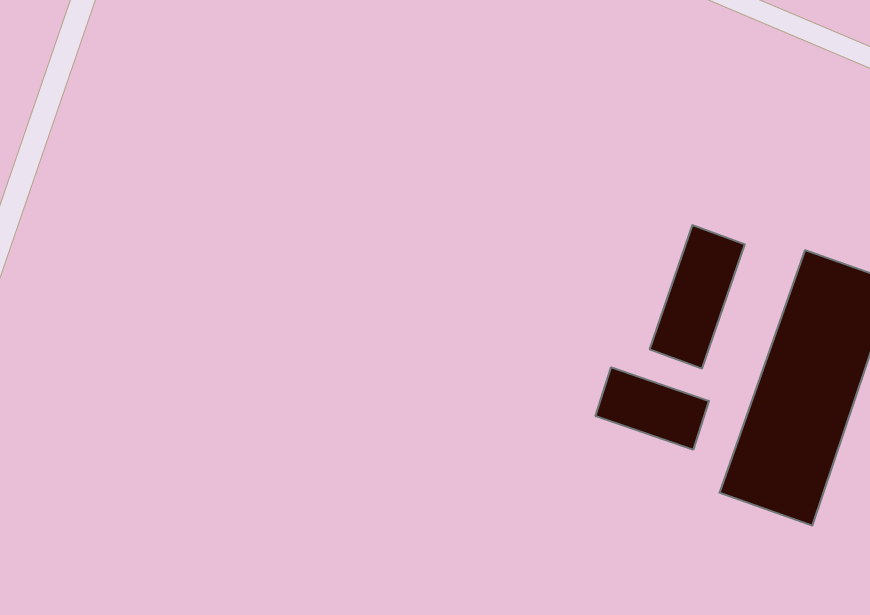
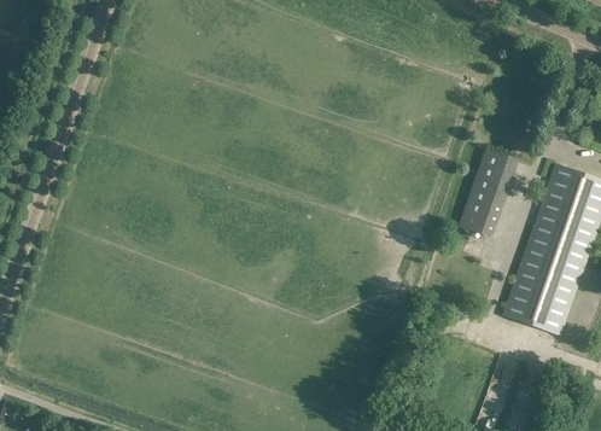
building: [596,367,709,450] -> none

